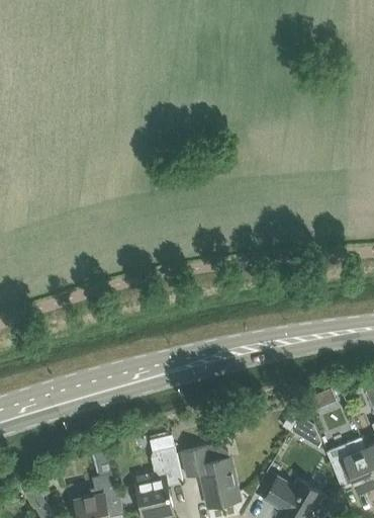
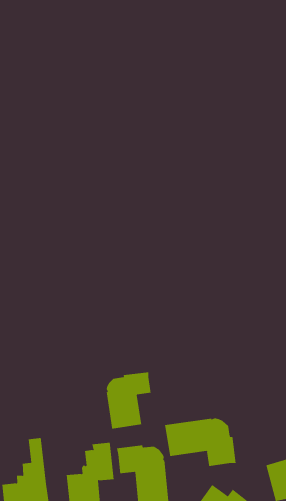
building: none -> [106,371,151,430]
building: none -> [164,418,236,467]

